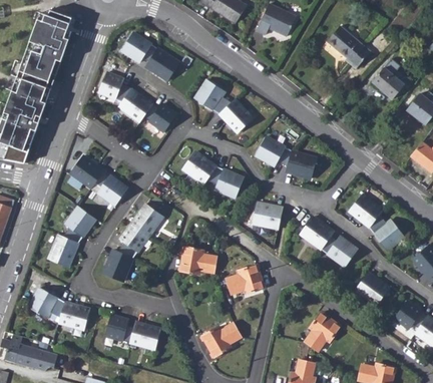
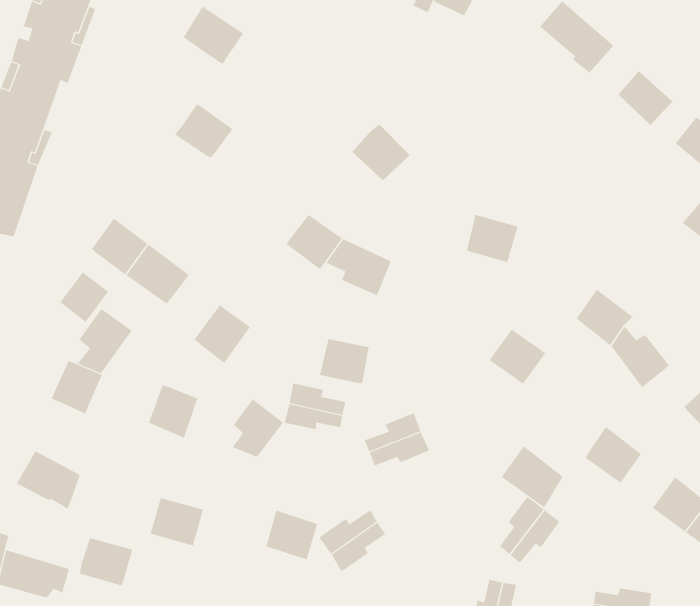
building: [145,46,179,78] -> none
building: [98,70,130,99] -> none
building: [194,78,231,114] -> none
building: [142,100,176,128] -> none
building: [255,135,291,166] -> none
building: none -> [60,271,109,323]
building: [252,204,281,230] -> [319,339,370,384]
building: [116,223,146,257] -> [232,398,284,458]
building: [319,231,355,267] -> [501,446,563,508]
building: [57,301,88,329] -> [79,538,133,586]
building: [128,321,158,350] -> [266,510,318,560]

